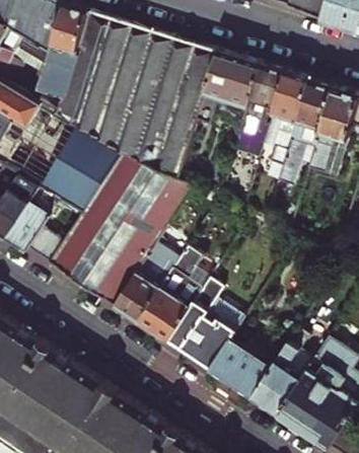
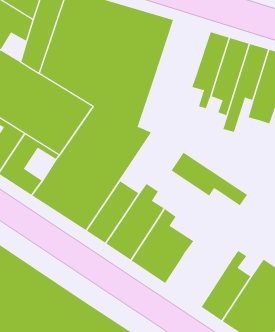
building: [195,52,262,127] -> none
building: none -> [171,152,248,206]
building: [208,334,288,397] -> none

